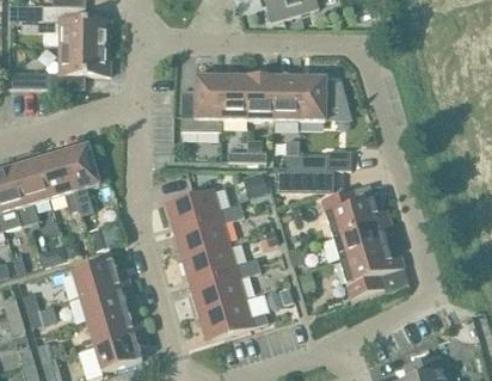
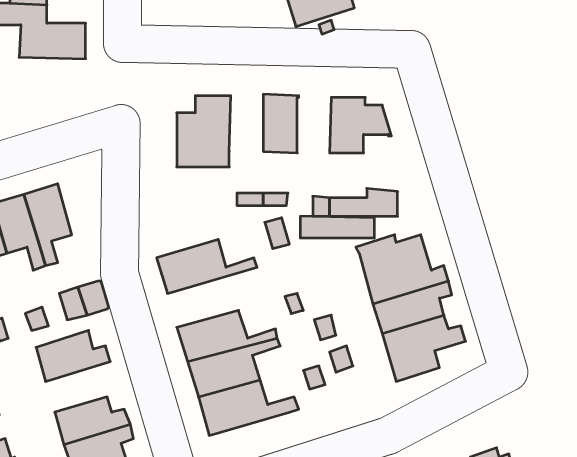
building: [50,47,110,88] -> none
building: [221,76,247,119] -> none
building: [273,78,300,121] -> none
building: [173,209,244,256] -> none
building: [79,282,133,321] -> none

